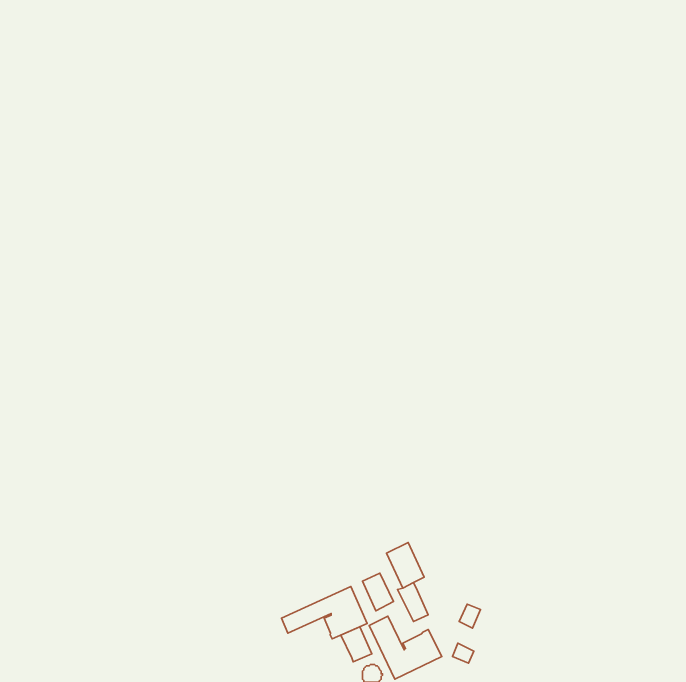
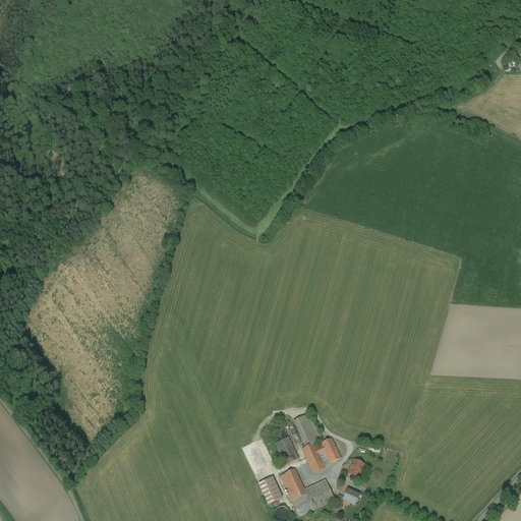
building: none -> [316,437,341,464]
building: [281,587,367,639] -> none

